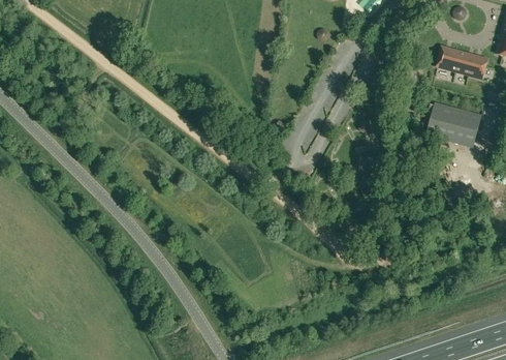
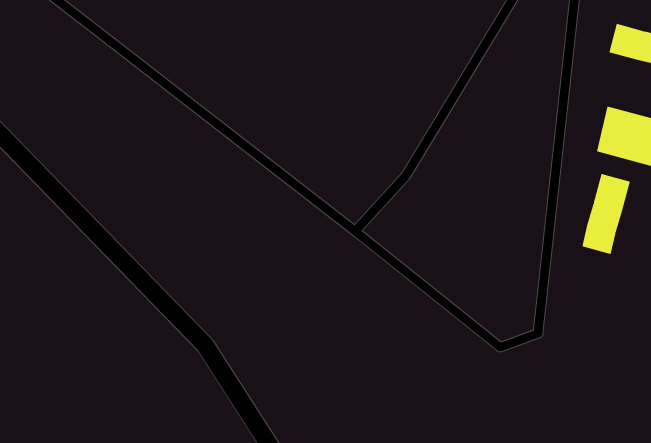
building: none -> [582,173,630,255]

